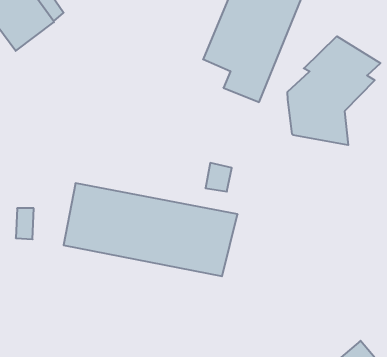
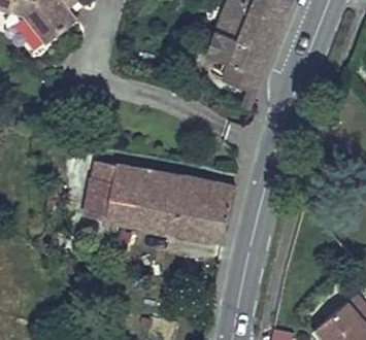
building: [287,36,380,145] -> none

